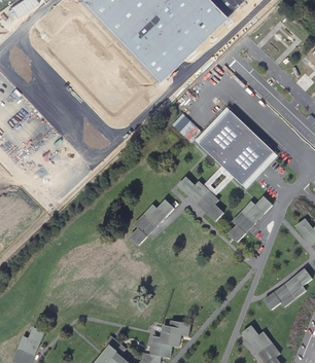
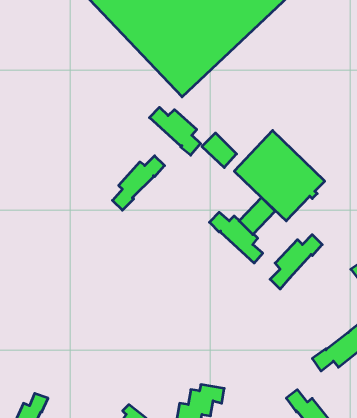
building: none -> [149,107,201,155]
building: [131,199,174,245] -> [112,156,165,210]

